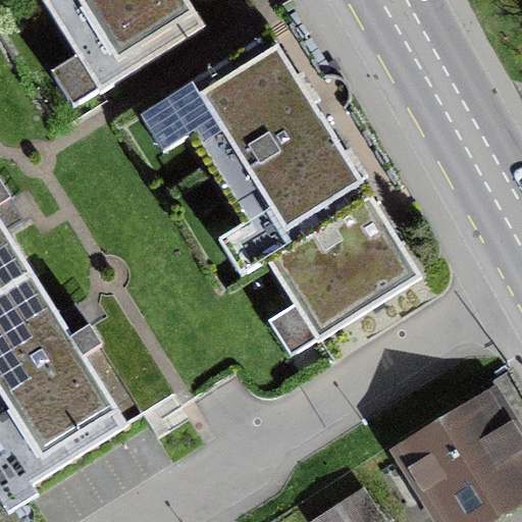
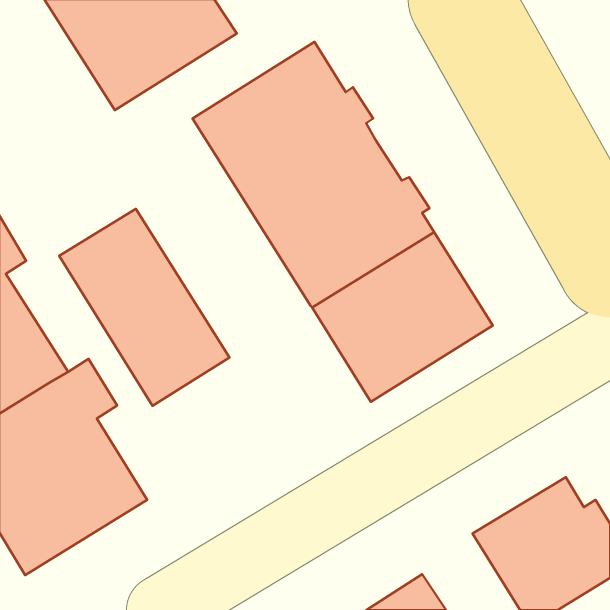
building: none -> [59,209,230,406]

